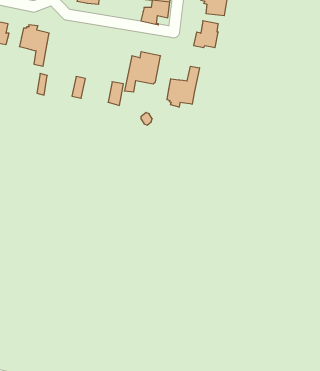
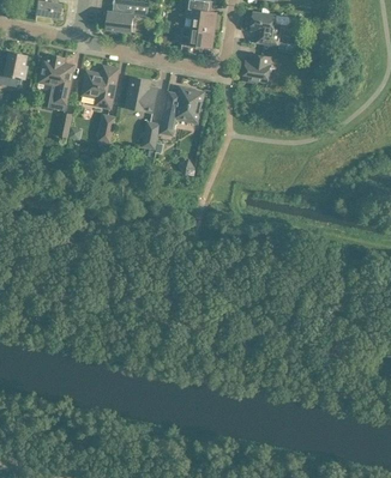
building: none -> [82,66,118,107]
building: none -> [125,75,157,111]
building: [167,66,200,107] -> none

